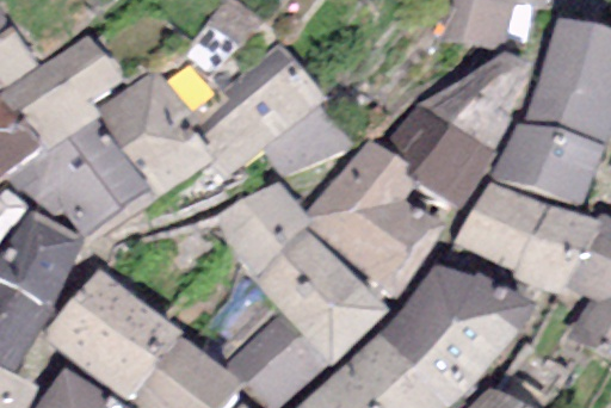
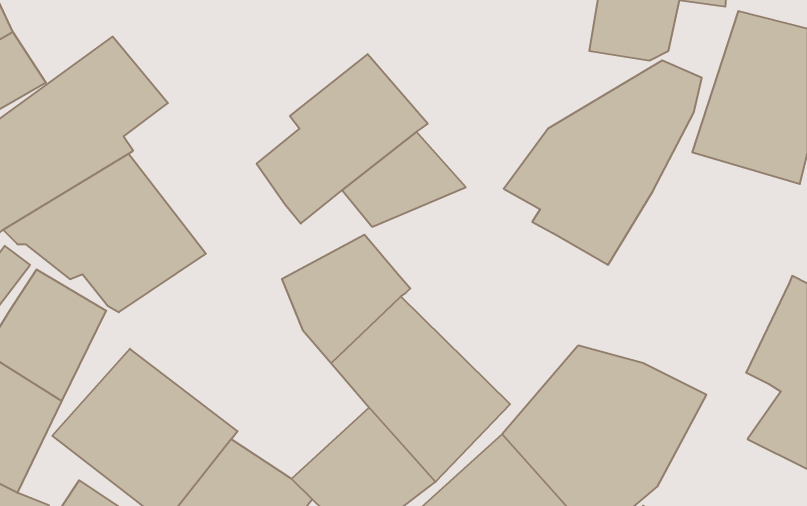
building: [94,67,216,197] -> none
building: [489,120,604,209] -> none
building: [302,142,443,299] -> none
building: [450,183,595,303] -> none

